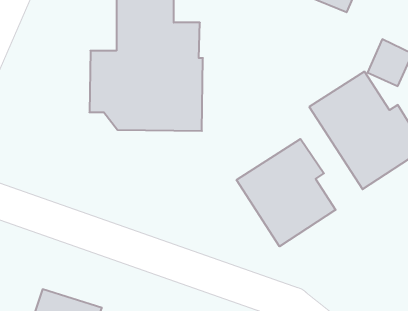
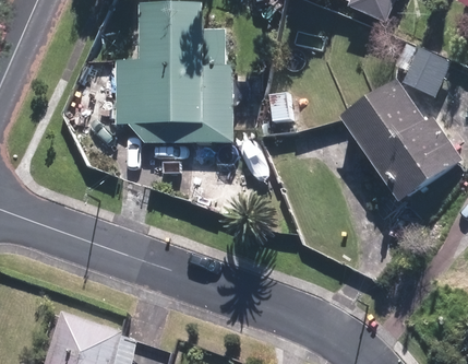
building: [237,139,336,246] -> none

